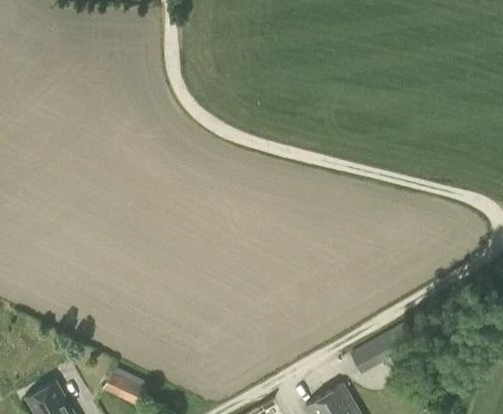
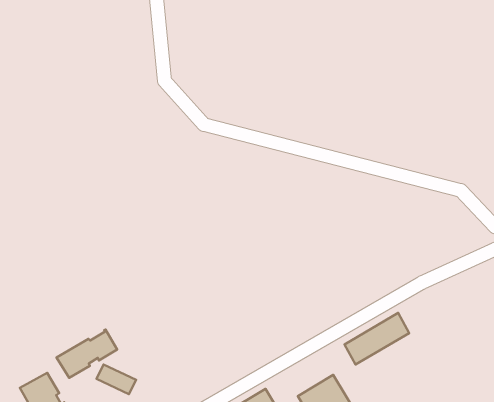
building: none -> [57,330,117,378]

